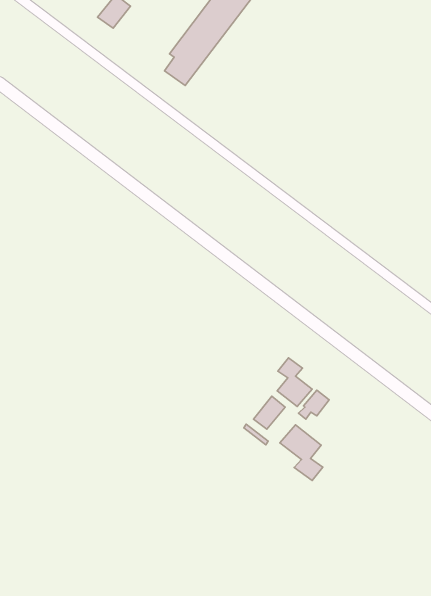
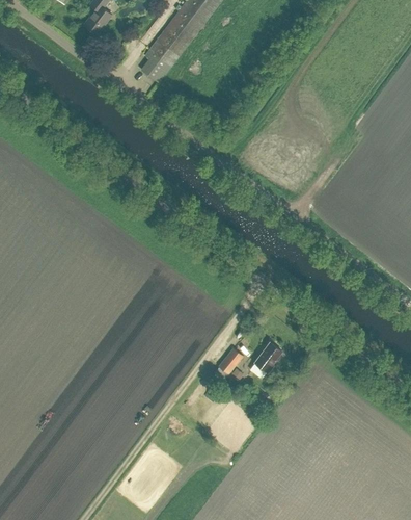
building: [277,358,312,407] -> none
building: [280,425,323,481] -> none

